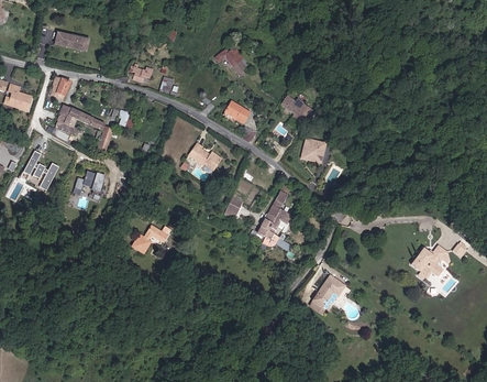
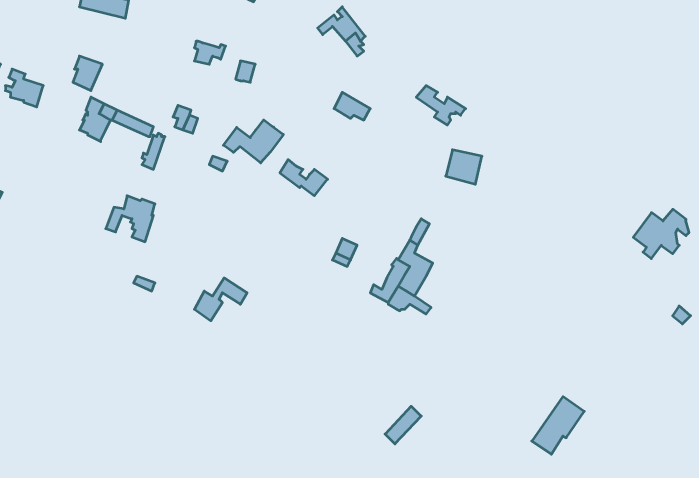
building: none -> [223,120,283,163]
building: [22,151,58,192] -> none
building: [411,245,449,279] -> [633,209,689,259]
building: [309,275,344,314] -> [532,397,584,454]

